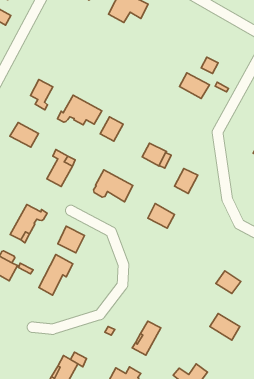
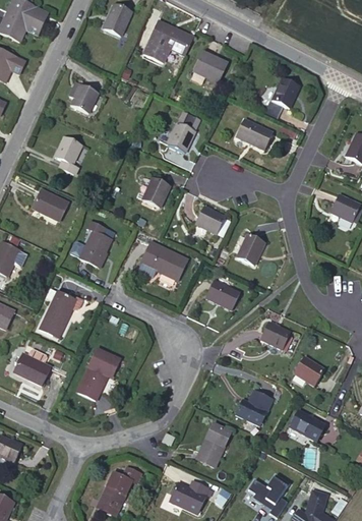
building: none -> [194,52,227,81]
building: none -> [68,84,98,113]
building: none -> [273,77,299,108]
building: none -> [167,112,199,153]
building: [57,95,102,125] -> none
building: [58,226,84,253] -> none
building: none -> [261,322,289,348]
building: none -> [236,390,271,425]

